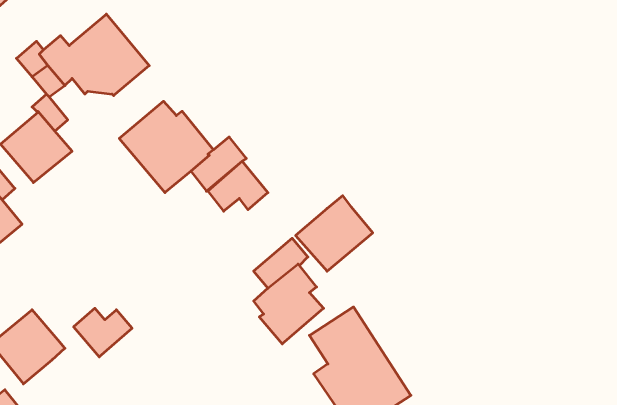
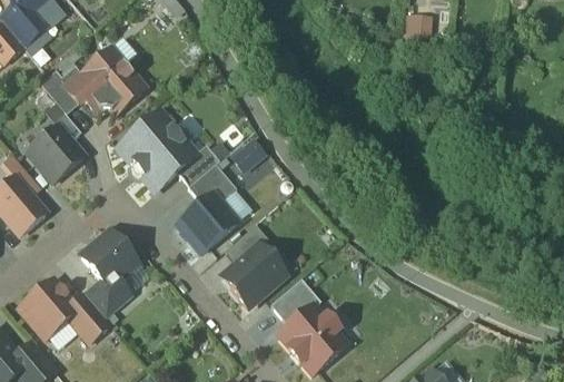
building: none -> [230,135,273,177]
building: [296,196,373,271] -> [178,192,238,251]
building: none -> [82,229,138,286]
building: none -> [69,292,111,341]

